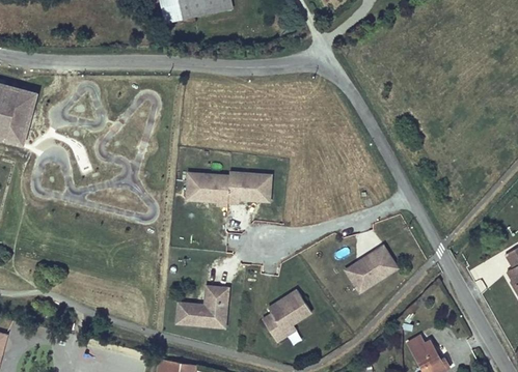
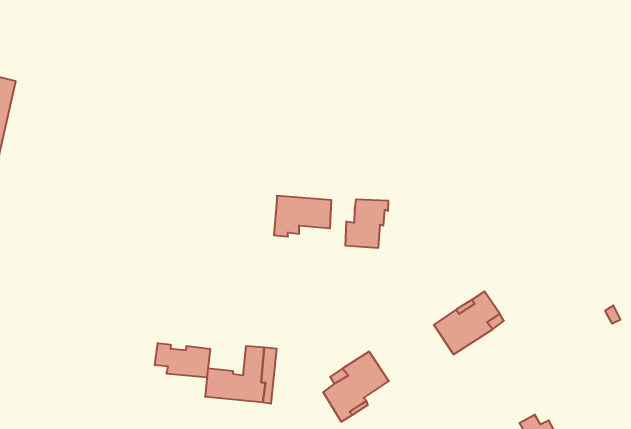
building: [186,174,228,206] -> none
building: none -> [345,199,388,248]
building: none -> [155,343,210,378]

